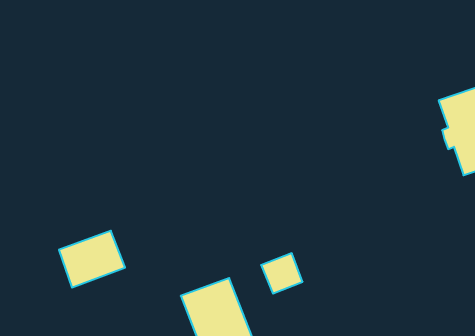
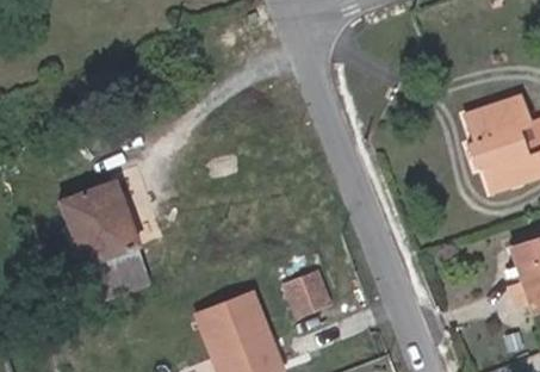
building: none -> [60,180,138,265]

